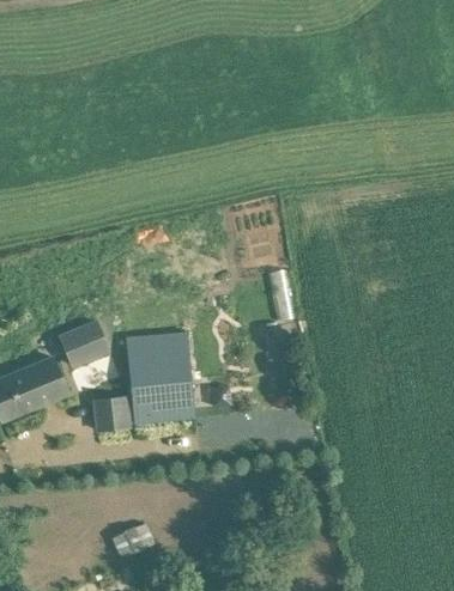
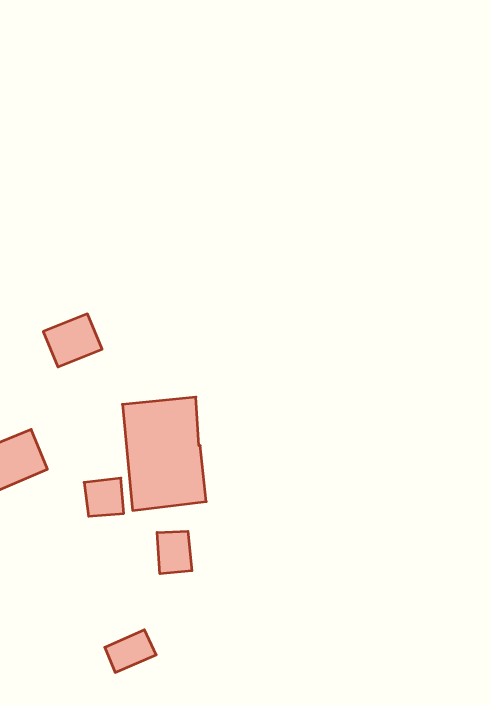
building: [56,325,104,368] -> [43,314,102,367]
building: none -> [157,531,192,574]

